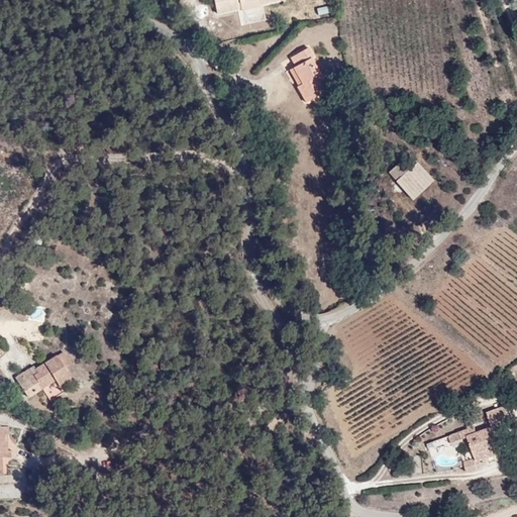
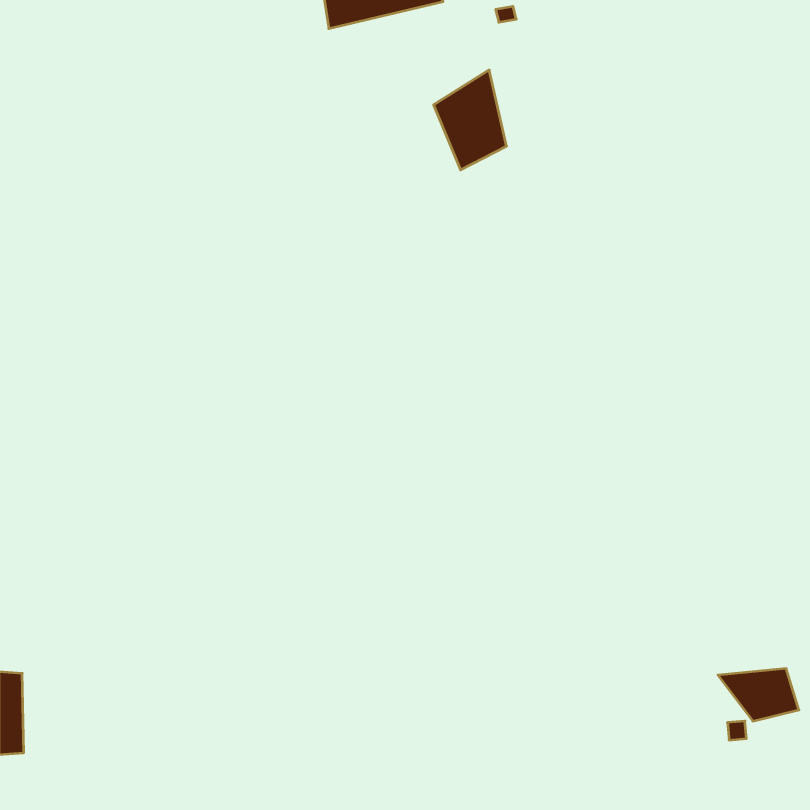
building: [387,153,433,200] -> none
building: [21,349,78,398] -> none

